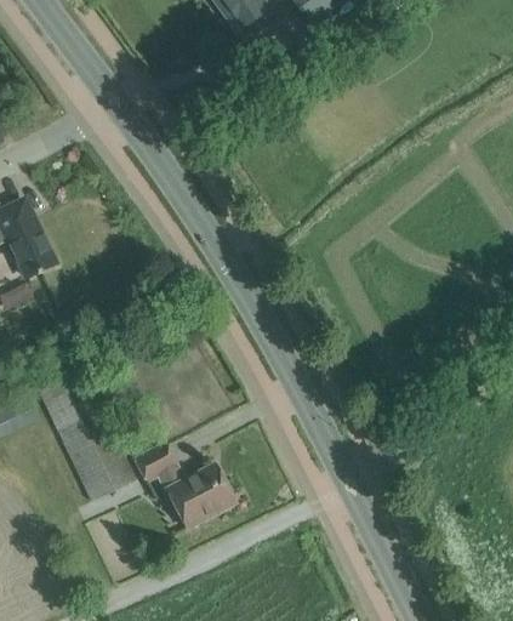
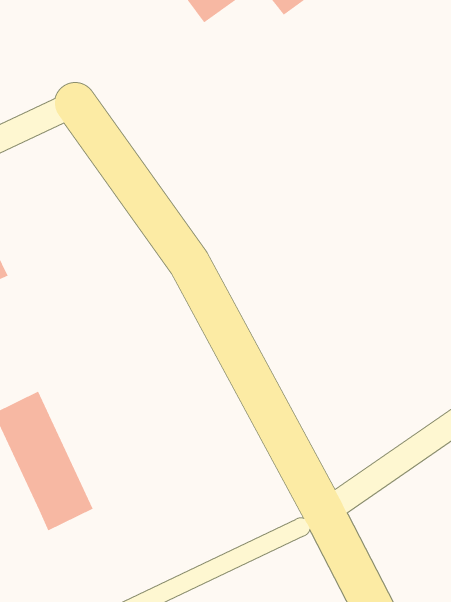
building: [135,443,234,528] -> none

